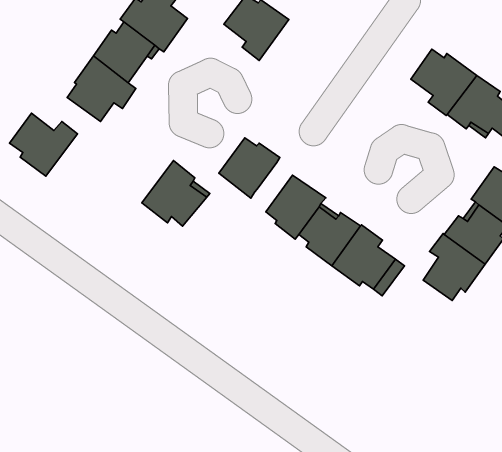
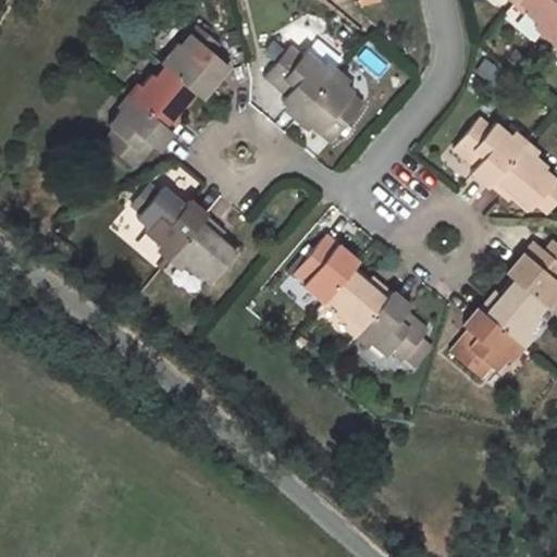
building: none -> [300,76,363,144]
building: [10,113,77,176] -> [134,188,205,255]
building: [219,138,280,198] -> none

